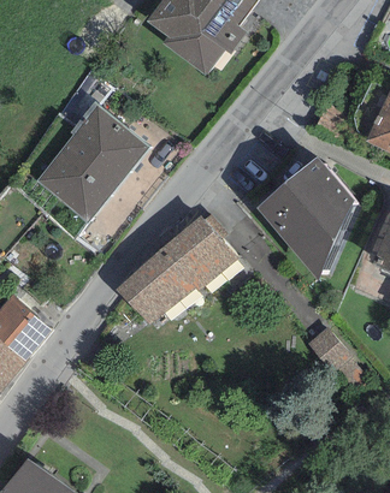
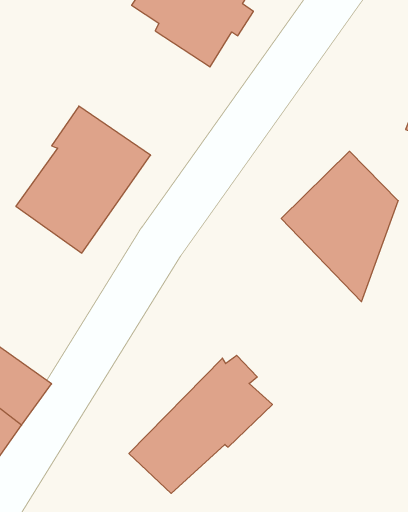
building: [116,214,238,325] -> [129,355,272,493]

